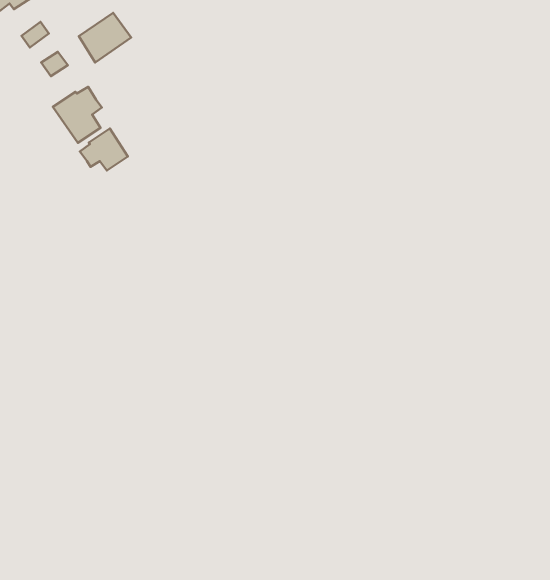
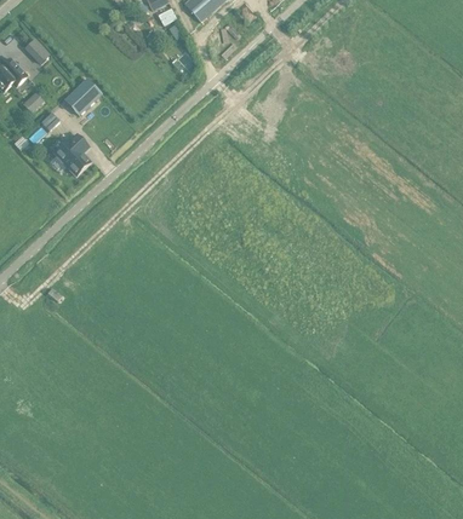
building: [80,129,128,171] -> none

